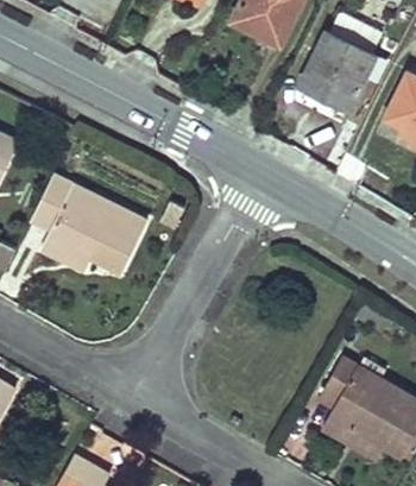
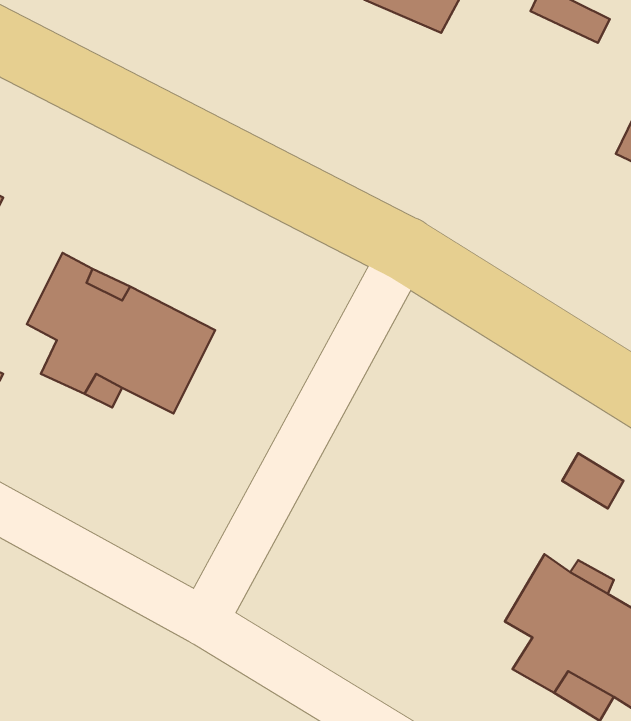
building: [300,32,373,109] -> none

